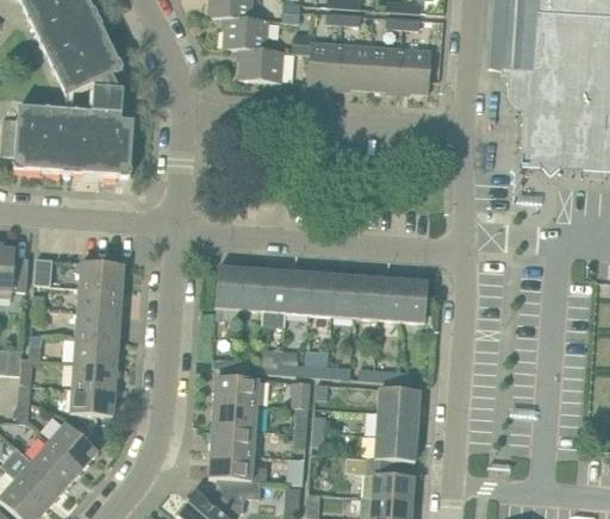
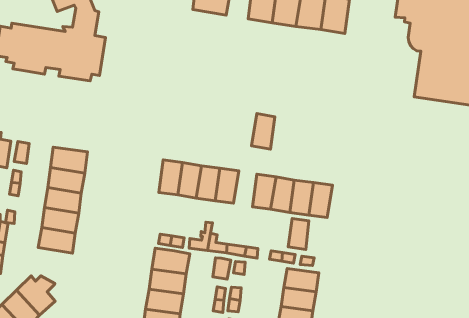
building: [307,273,334,315] -> [251,113,275,149]
building: none -> [288,218,309,250]
building: [70,387,114,430] -> none

